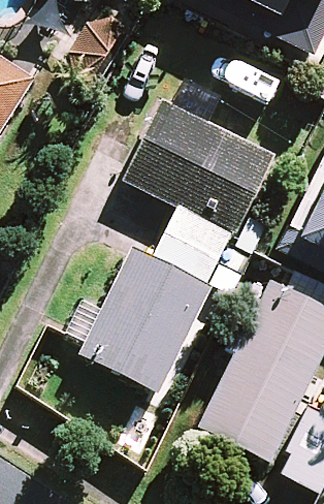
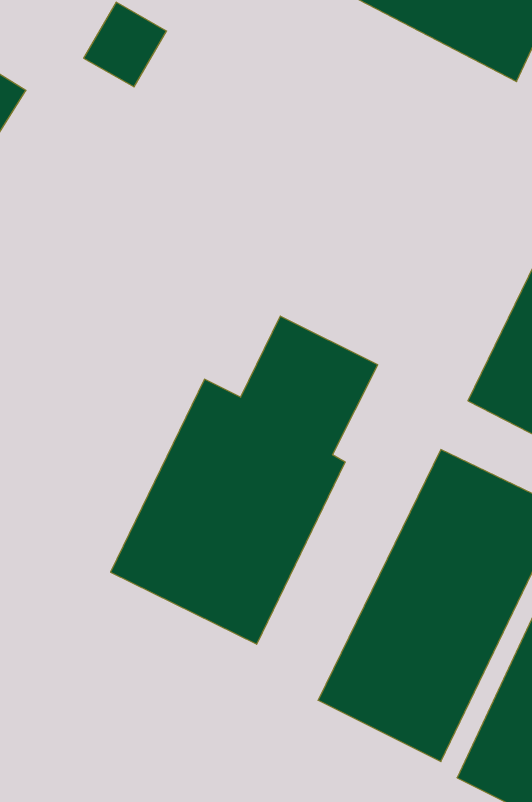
building: [123,97,273,231] -> none

